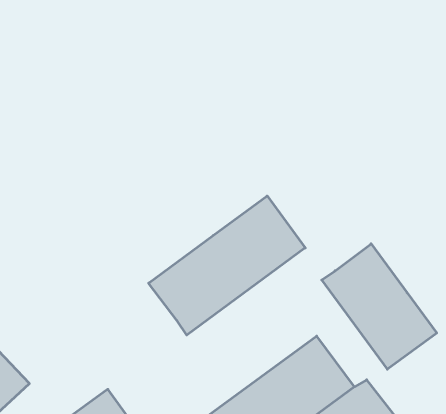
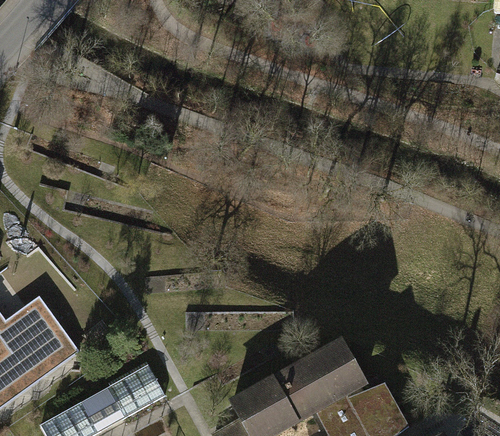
building: [149,196,305,335] -> none
building: [322,244,437,369] -> none

